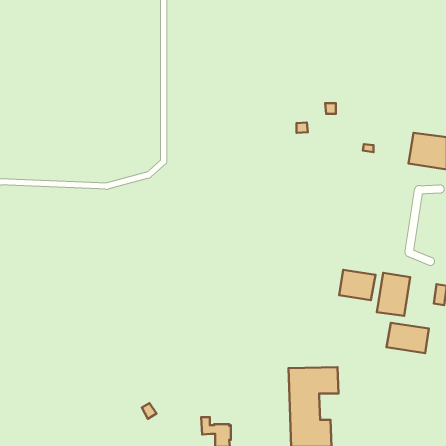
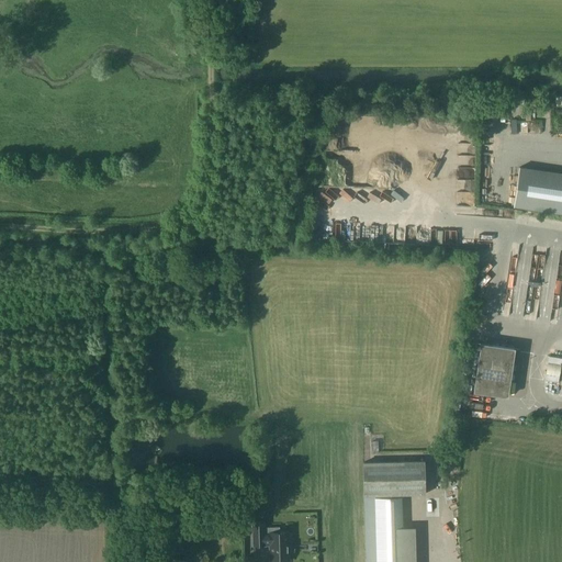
building: [339,270,375,300] -> none
building: [386,323,429,353] -> none

